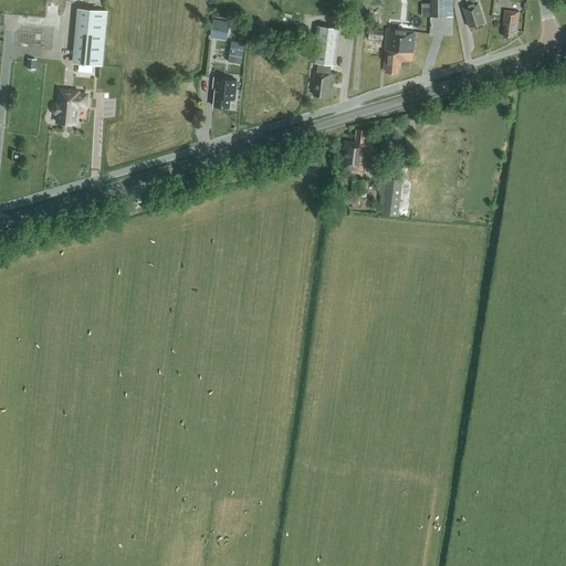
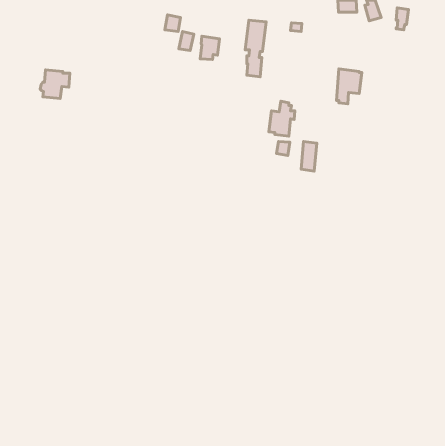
building: [71,8,107,66] -> none
building: [382,29,415,73] -> [336,69,362,104]
building: [212,77,237,107] -> [200,36,219,60]

